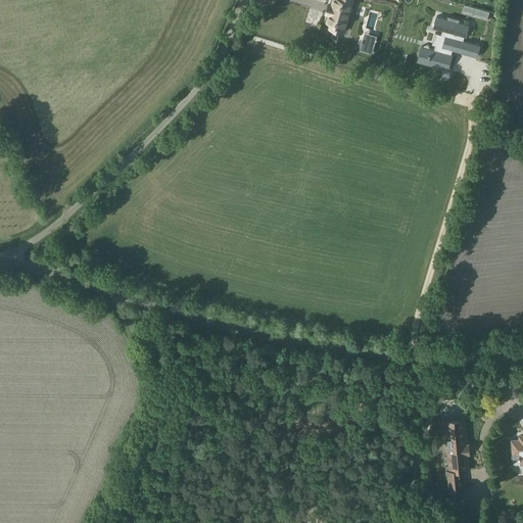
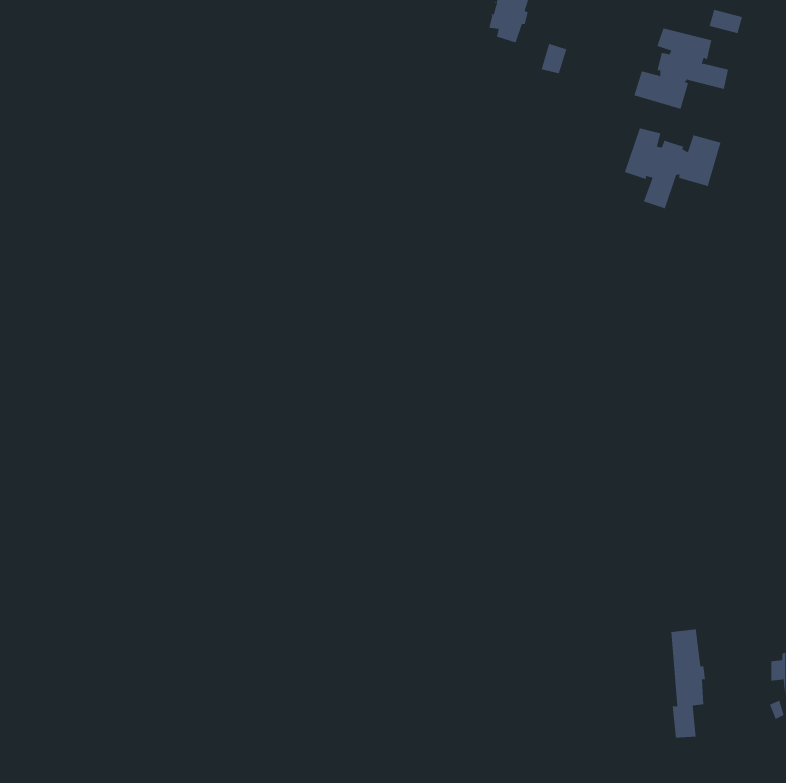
building: none -> [624,128,721,209]

